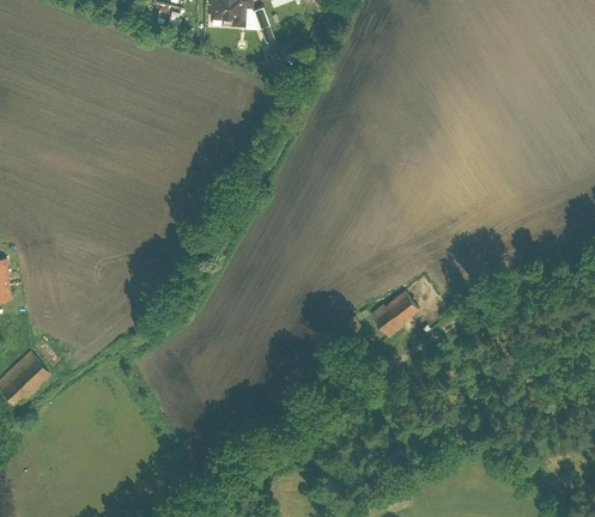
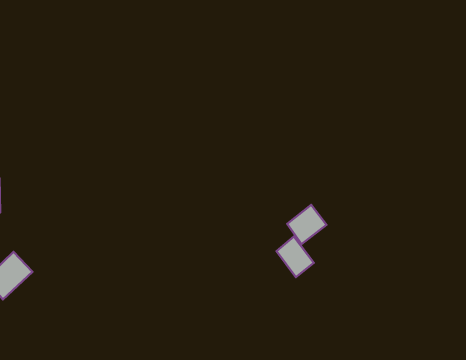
building: none -> [276,237,314,277]

